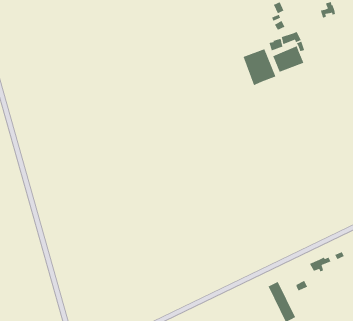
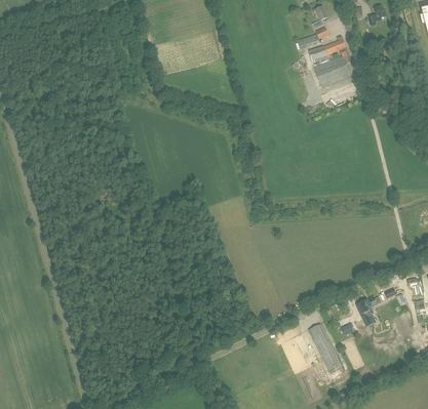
building: [243,48,276,86] -> none

